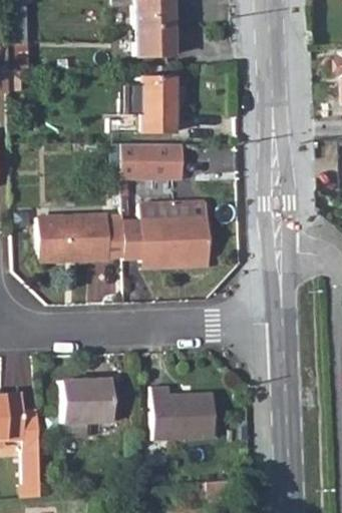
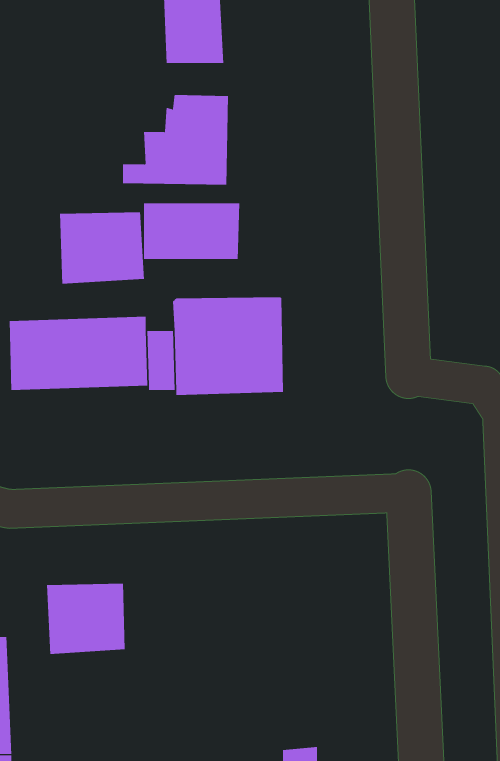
building: none -> [59,212,144,285]
building: [150,389,212,440] -> none

